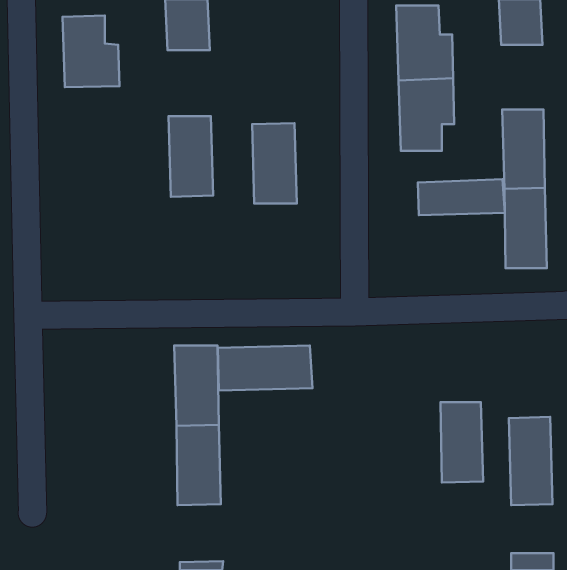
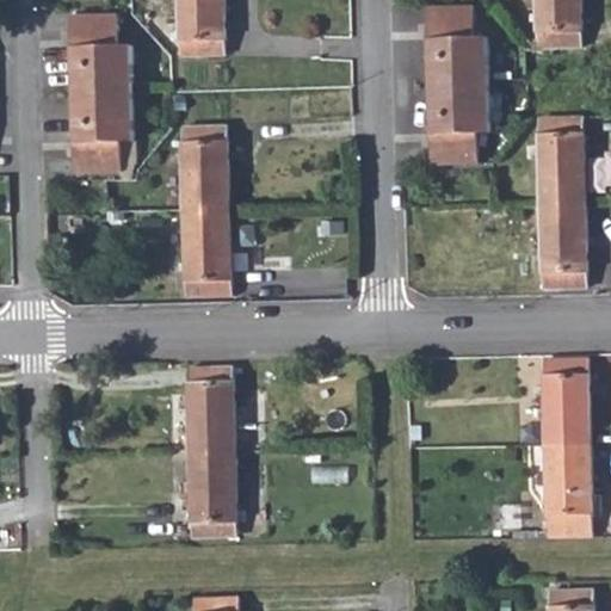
building: none -> [69,92,129,171]
building: [252,123,297,204] -> [183,209,230,295]
building: [418,179,505,215] -> none
building: [218,345,312,391] -> none
building: [441,402,483,483] -> [543,360,588,446]

